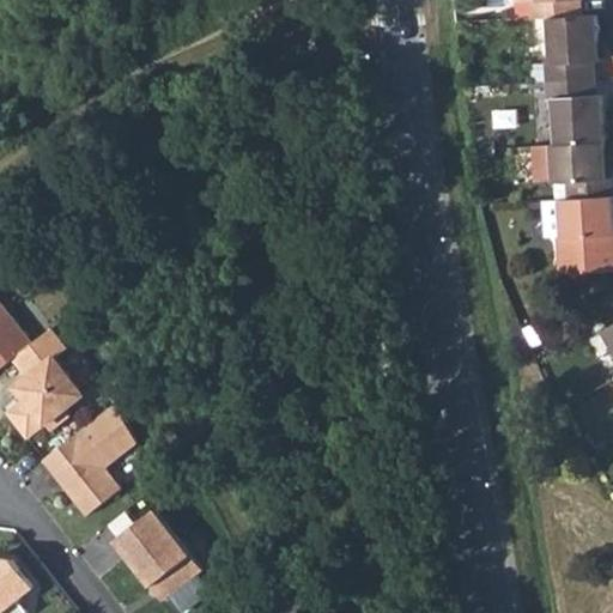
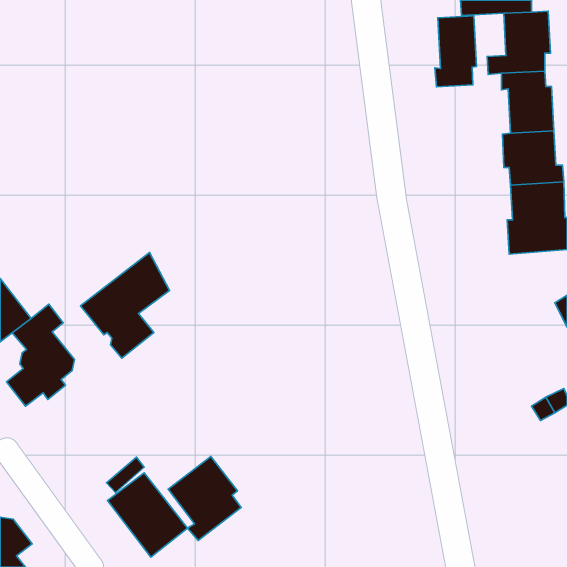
building: none -> [435,16,477,87]
building: [43,402,139,516] -> [81,253,169,358]
building: none -> [168,456,241,540]

